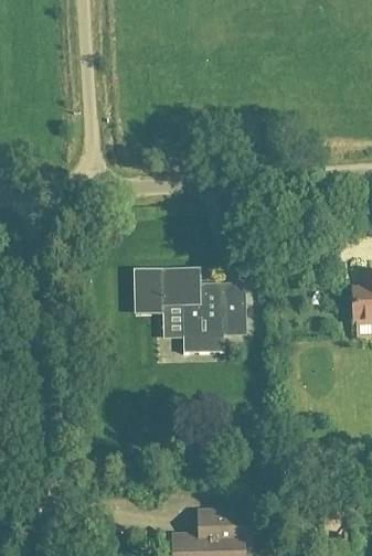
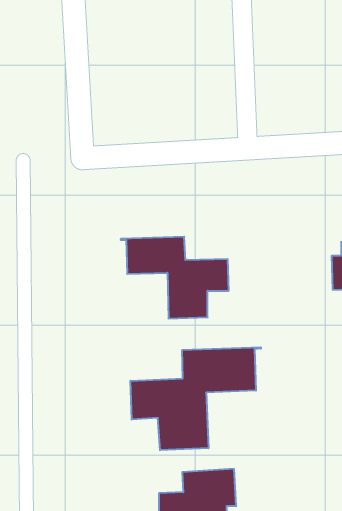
building: none -> [130,347,261,450]

